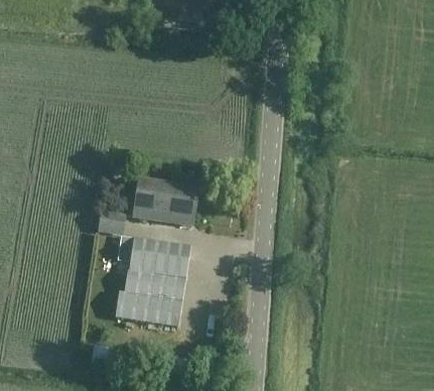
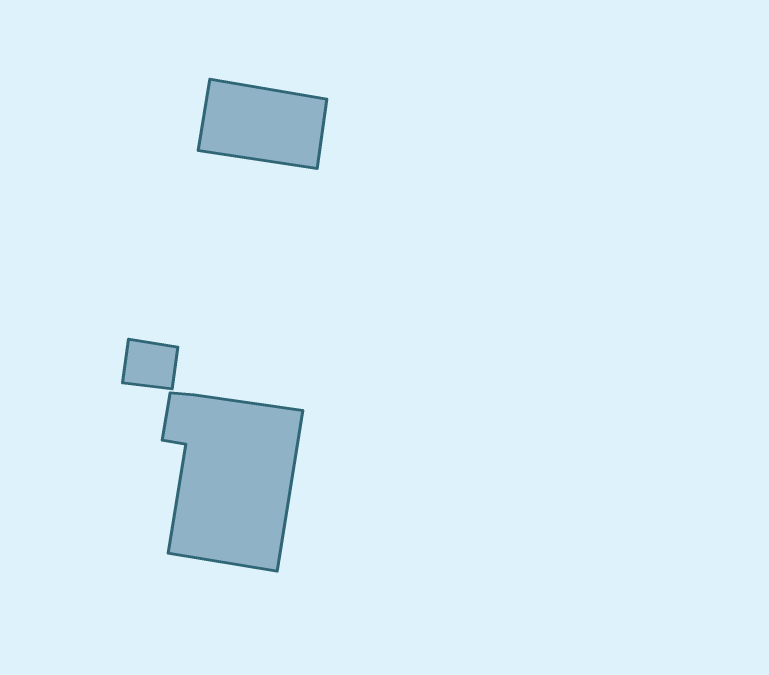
building: [133,177,198,223] -> [198,79,327,168]

